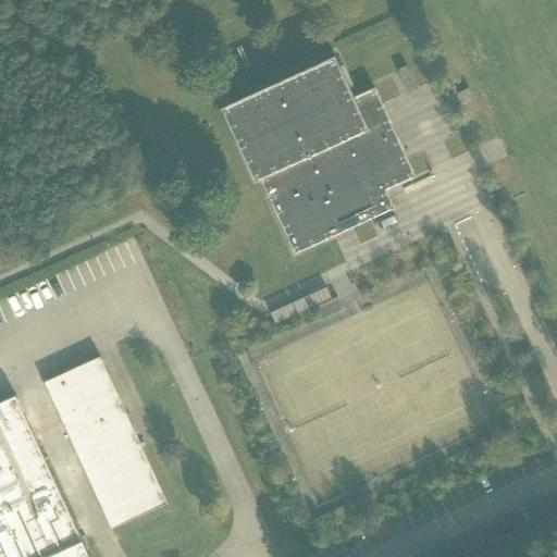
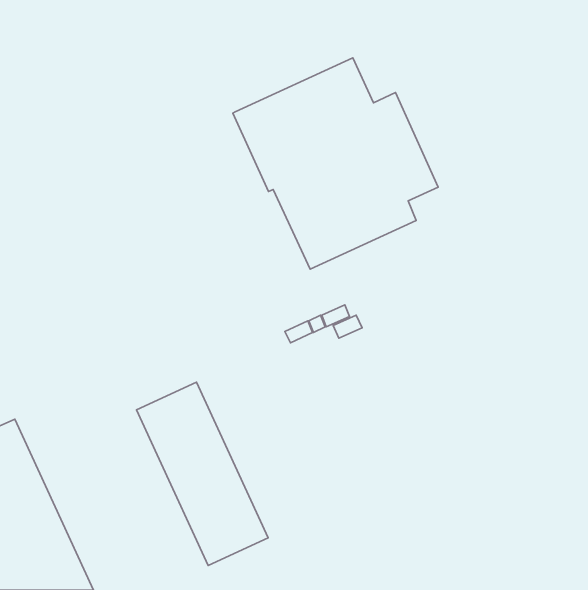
building: [42,356,166,529] -> [137,382,268,566]

